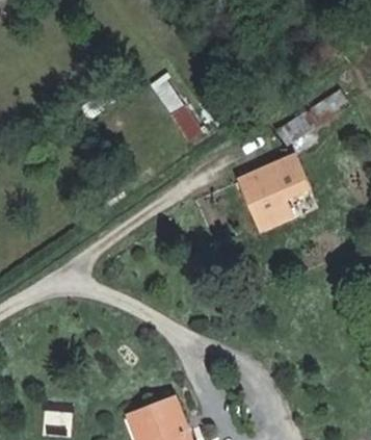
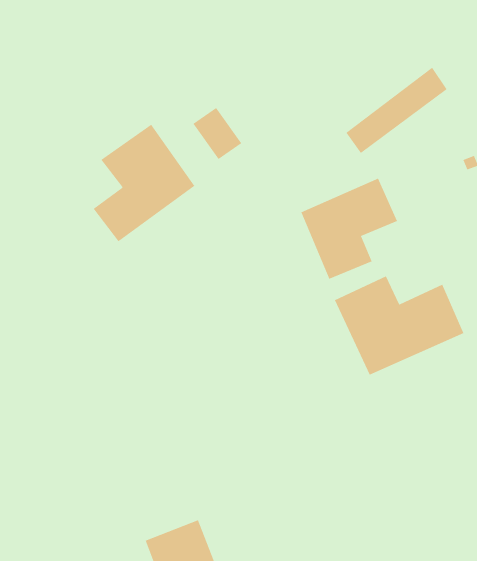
building: none -> [93,124,195,242]
building: none -> [334,275,464,376]

